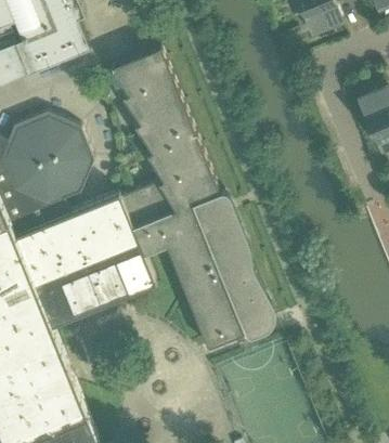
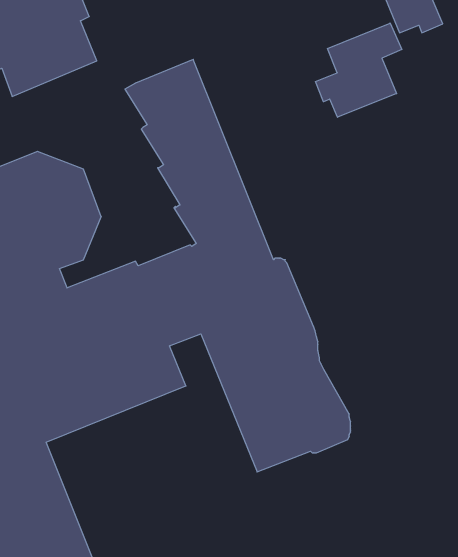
building: none -> [316,23,402,117]

